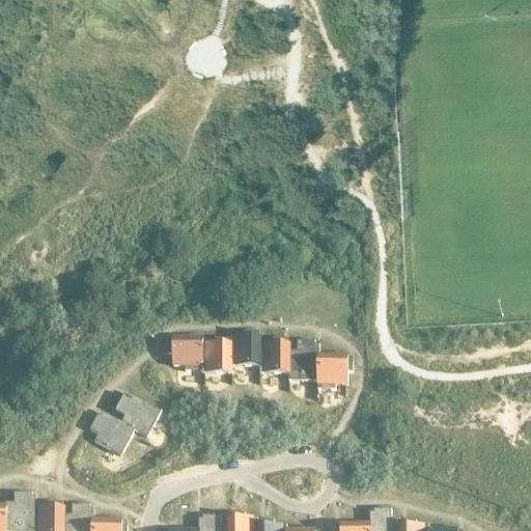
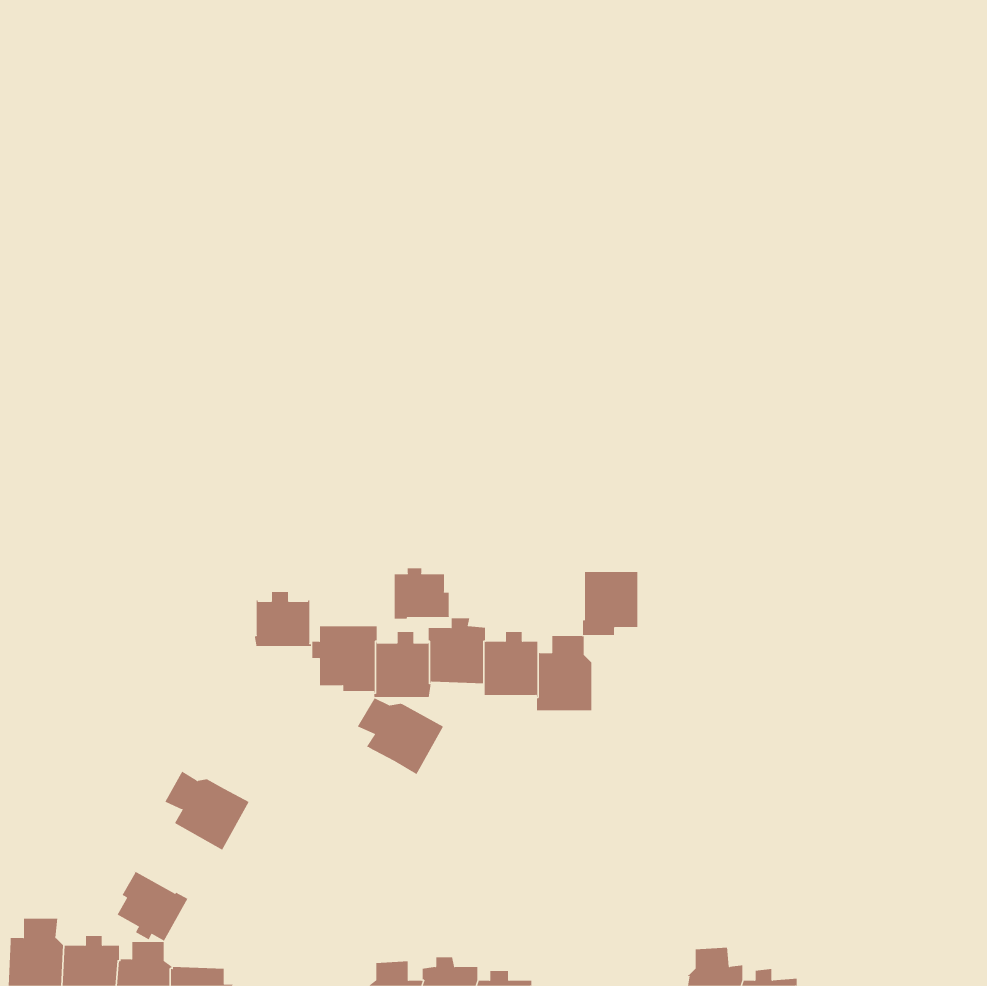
building: none -> [394,567,451,619]
building: none -> [254,591,312,647]
building: [316,355,346,389] -> [582,571,638,635]
building: [111,395,161,437] -> [351,697,444,775]
building: none -> [117,870,188,941]

